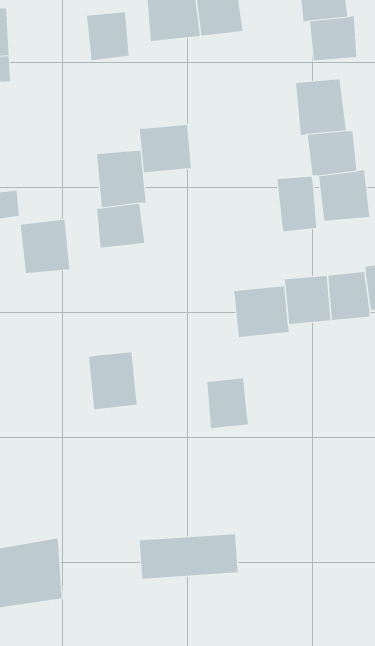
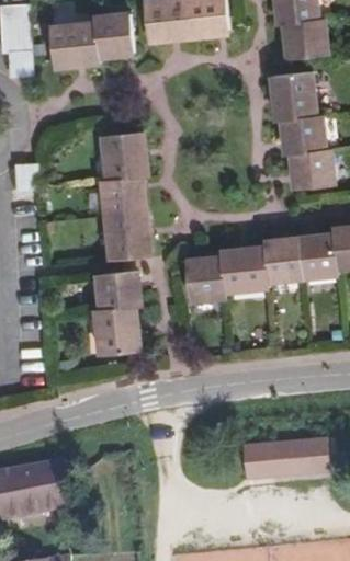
building: none -> [49,22,98,65]
building: [139,124,192,173] -> none
building: [277,176,317,232] -> none
building: [20,219,70,273] -> [105,209,148,255]
building: none -> [98,267,139,305]
building: [206,378,249,428] -> [188,255,224,298]
building: [139,534,238,579] -> [248,438,332,477]

